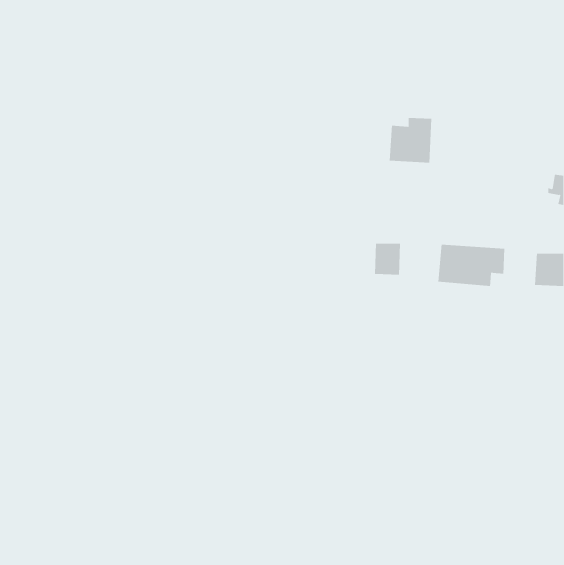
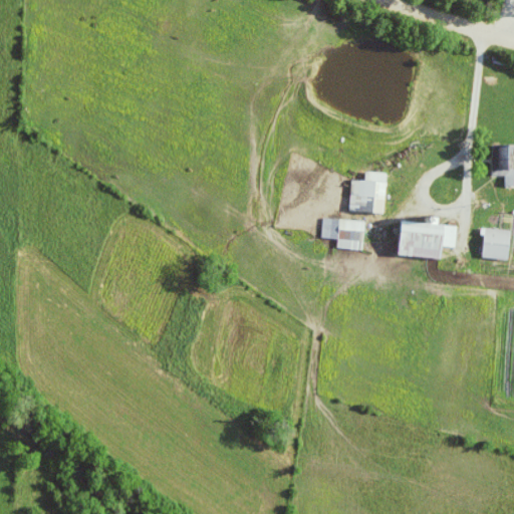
building: [389,118,432,163] -> [348,172,388,213]
building: none -> [320,218,339,239]

